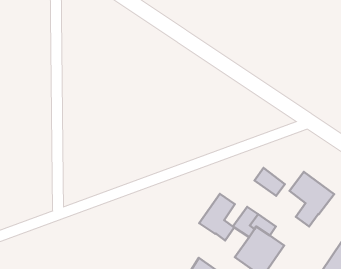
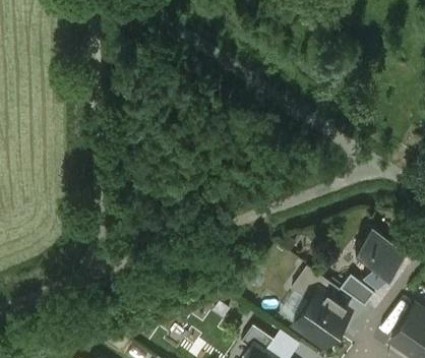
building: [255,168,285,196] -> [341,277,375,308]
building: [199,194,235,240] -> none

